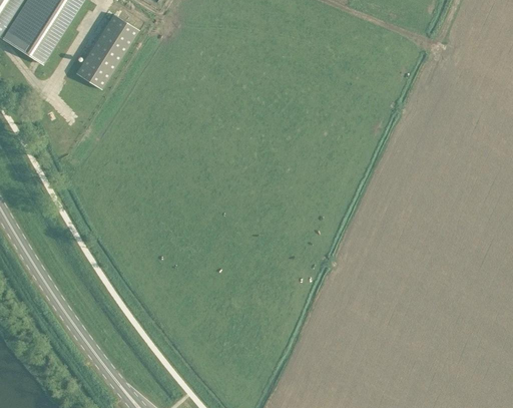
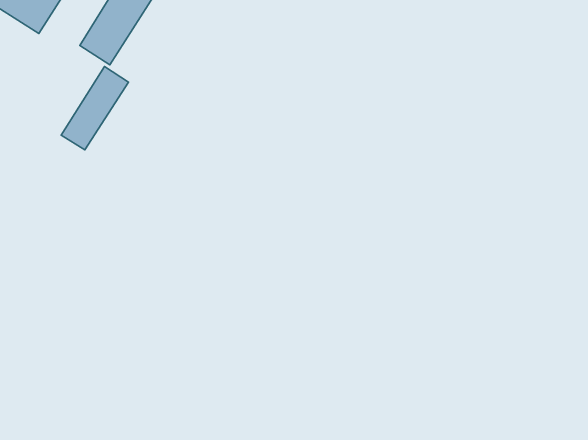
building: none -> [61,67,128,150]

